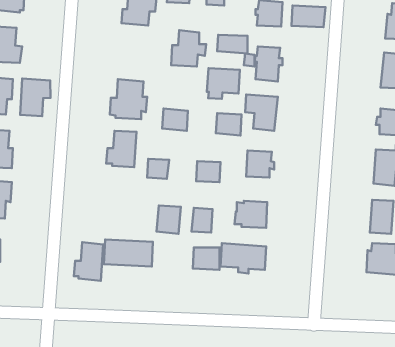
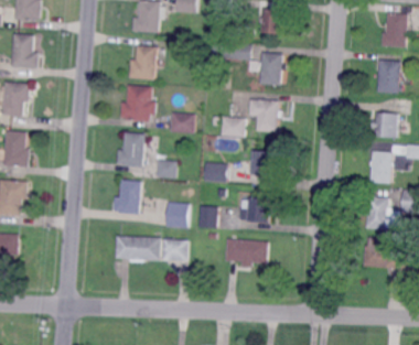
building: [291,6,326,27] -> none
building: [171,30,206,66] -> [128,45,161,79]
building: [207,68,240,99] -> none
building: [20,78,50,116] -> none
building: [74,242,103,281] -> [114,179,141,215]
building: [193,248,220,270] -> [162,239,187,260]

